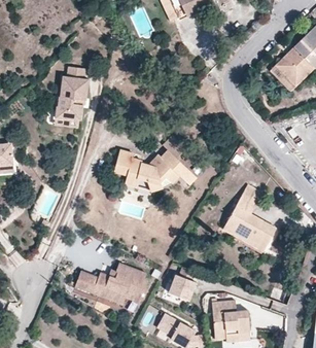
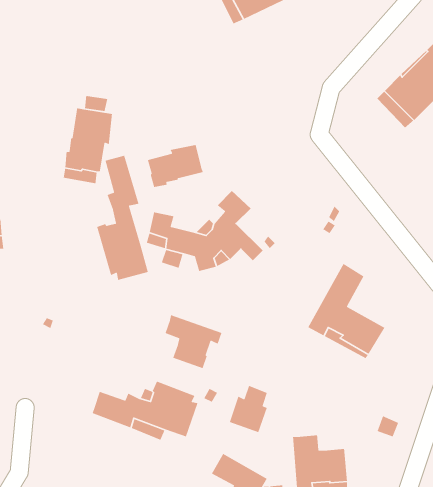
building: none -> [147,144,204,188]
building: none -> [96,155,149,281]
building: none -> [164,314,223,369]

